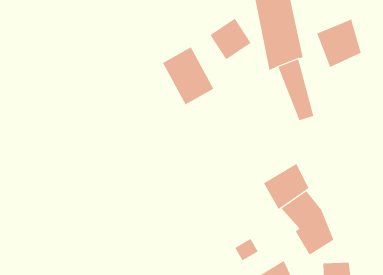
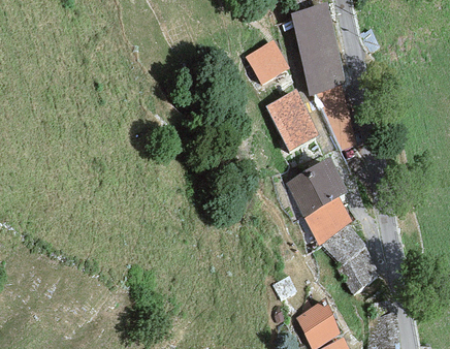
building: [316,18,361,68] -> none
building: [162,46,214,105] -> [264,89,320,152]
building: none -> [285,155,348,217]

